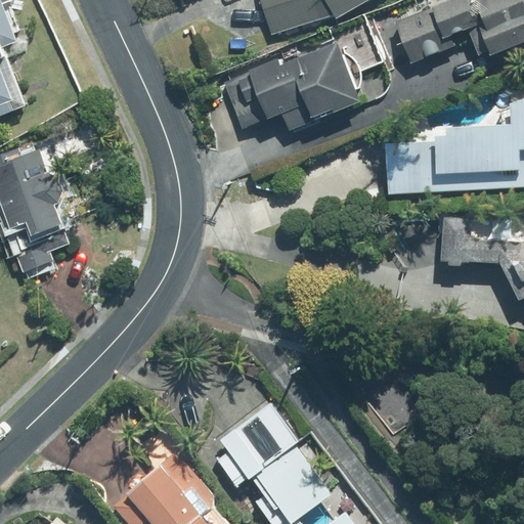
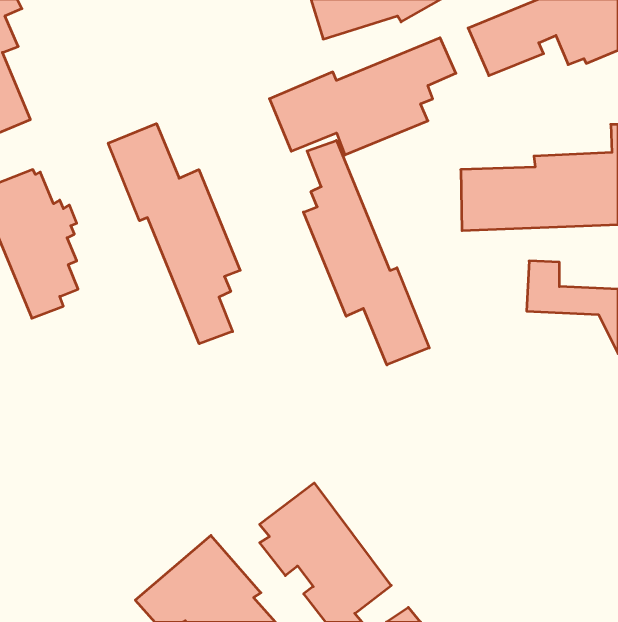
building: none -> [108,124,240,344]
building: none -> [303,140,429,365]

